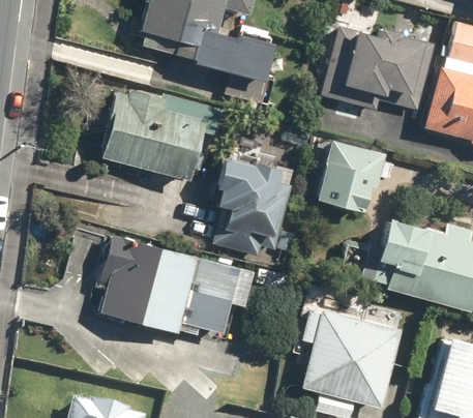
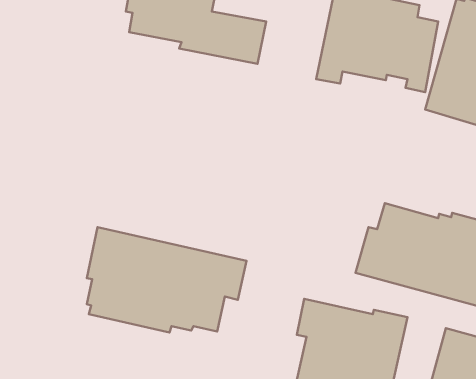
building: [101,87,221,180] -> none
building: [210,136,304,251] -> none
building: [317,140,391,215] -> none

